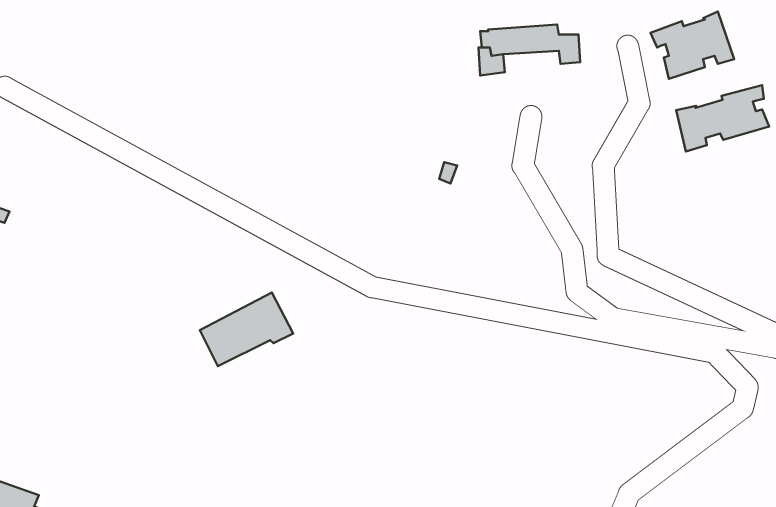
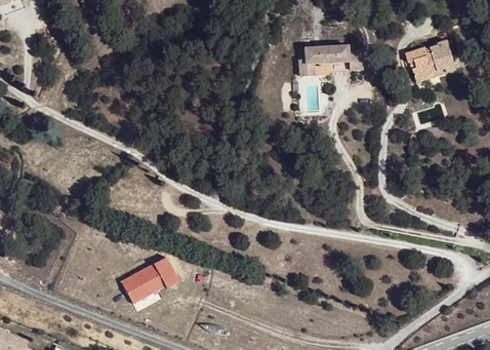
building: [676,85,769,151] -> none
building: [200,292,293,366] -> [123,256,181,302]

